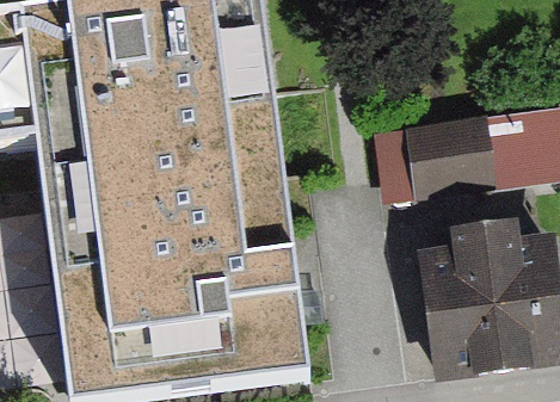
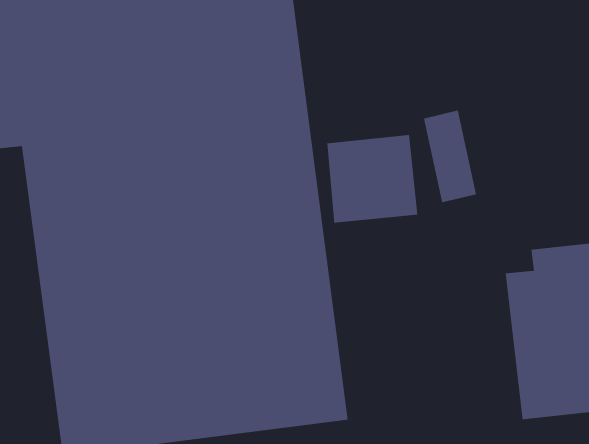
building: [418,110,496,185] -> [326,135,418,223]

